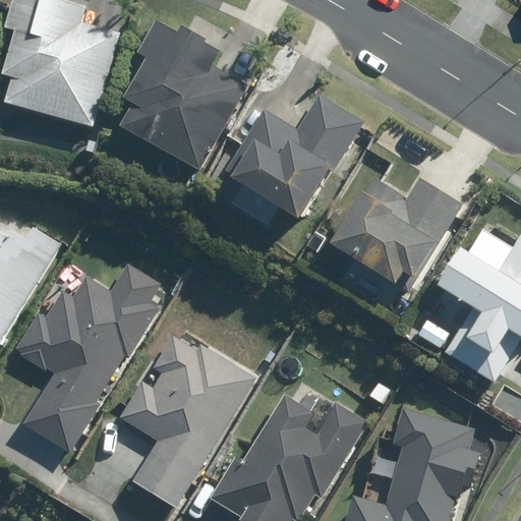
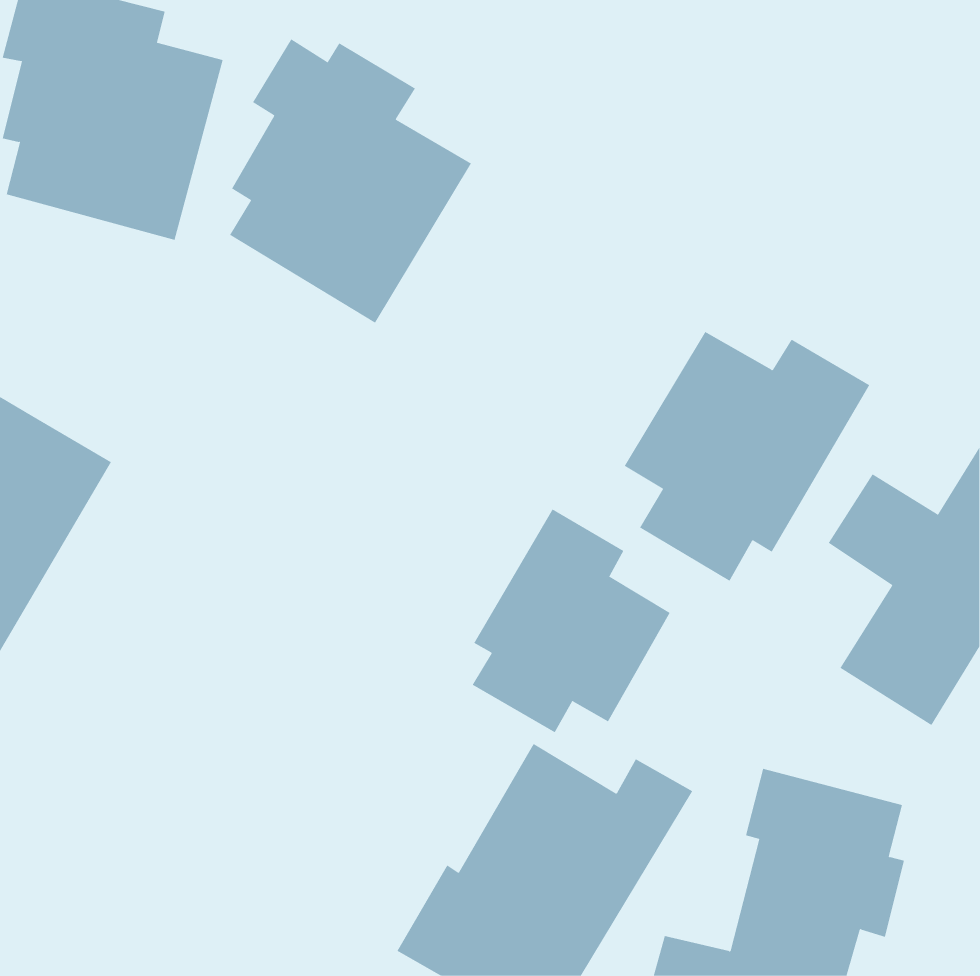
building: [223,94,363,225] -> none
building: [15,263,161,451] -> none
building: none -> [472,508,671,733]
building: [118,336,255,508] -> none

